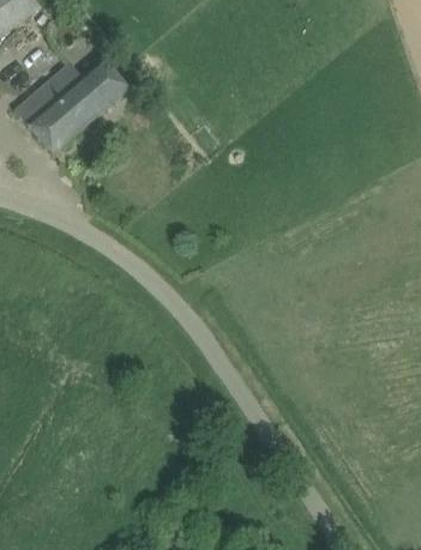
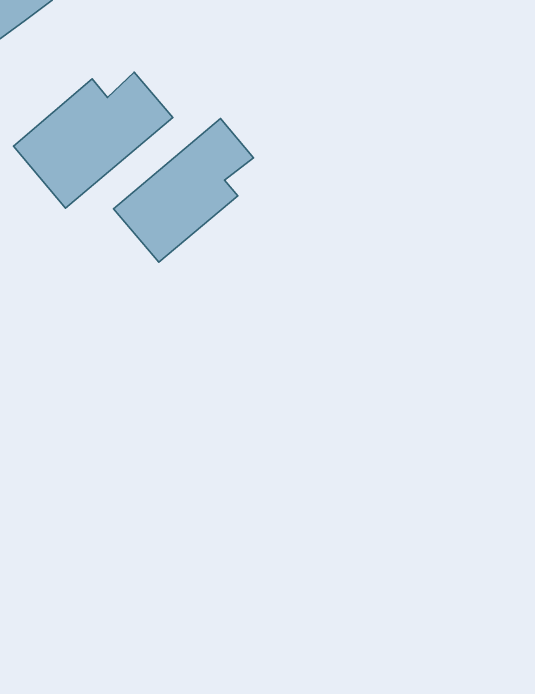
building: none -> [113,118,254,262]

